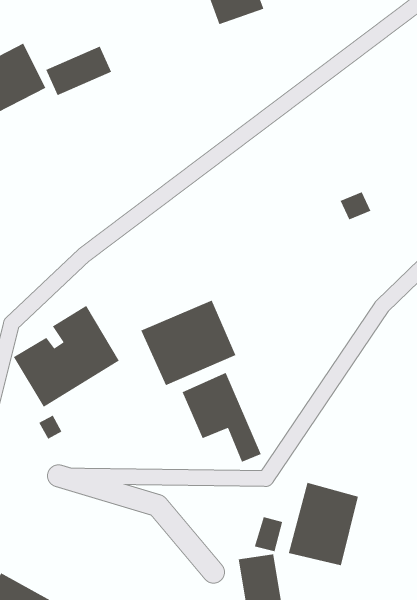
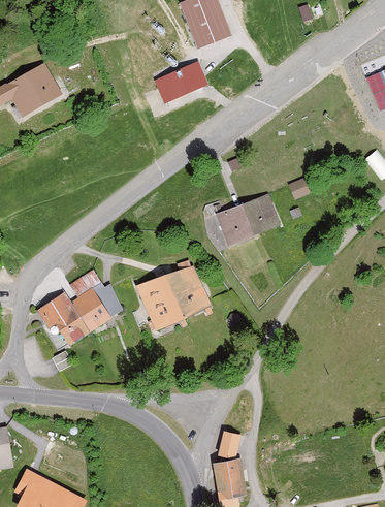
building: [45,45,112,96] -> [156,65,207,104]
building: none -> [215,194,280,243]
building: [182,372,262,463] -> none
building: [288,482,359,566] -> none

